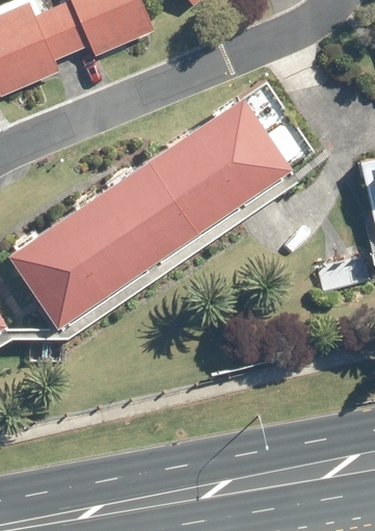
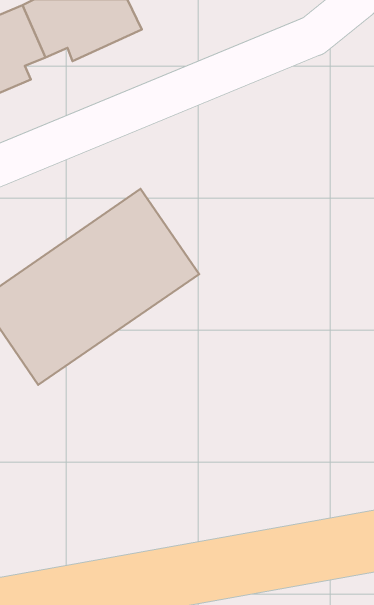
building: [150,99,302,237] -> none

